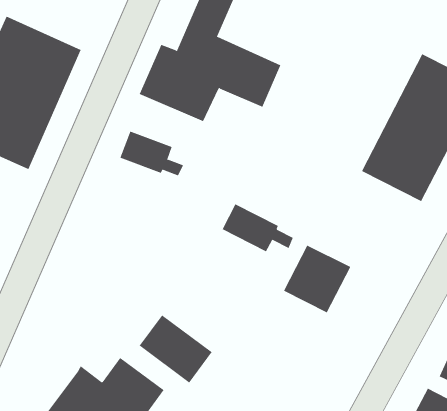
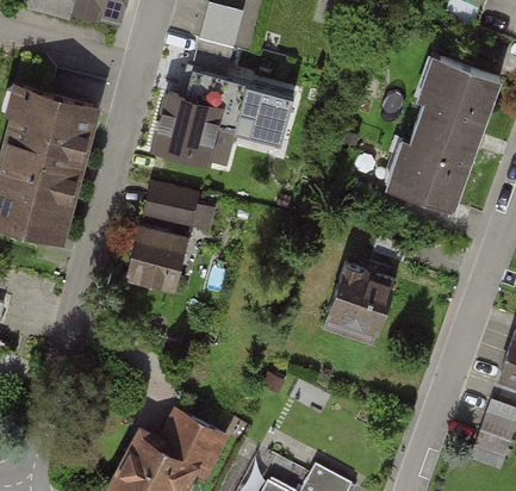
building: none -> [124,229,182,292]
building: [222,204,294,252] -> none
building: [139,314,212,383] -> none

